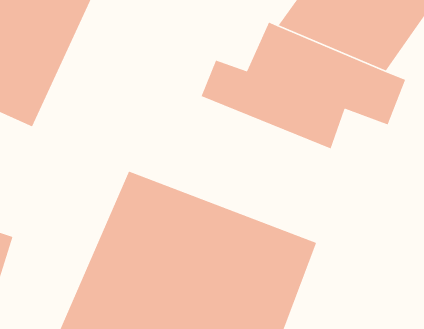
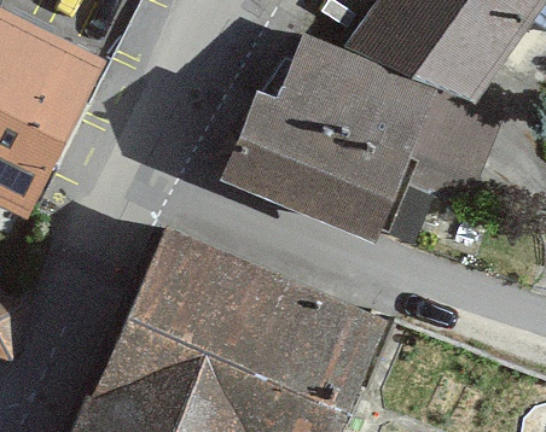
building: none -> [222,142,402,259]

